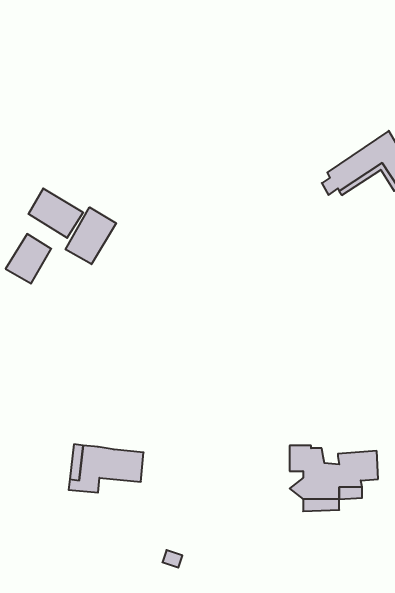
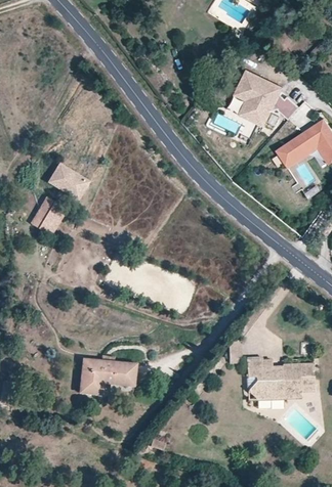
building: none -> [234,69,299,138]
building: [66,207,116,264] -> none

